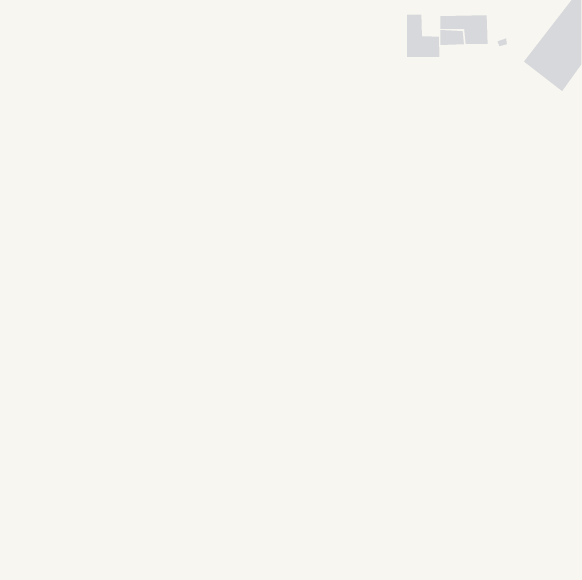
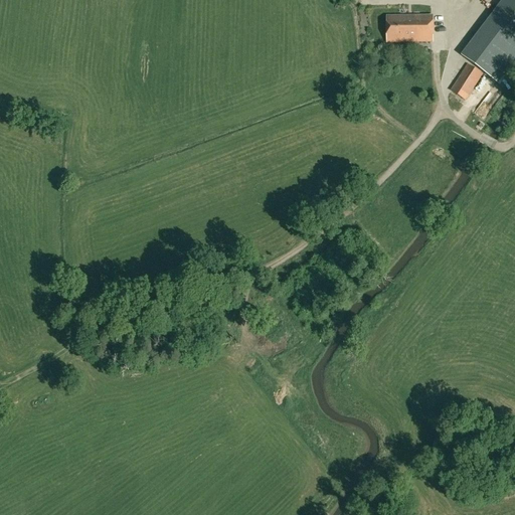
building: [406,14,440,58] -> none
building: none -> [451,62,483,99]

